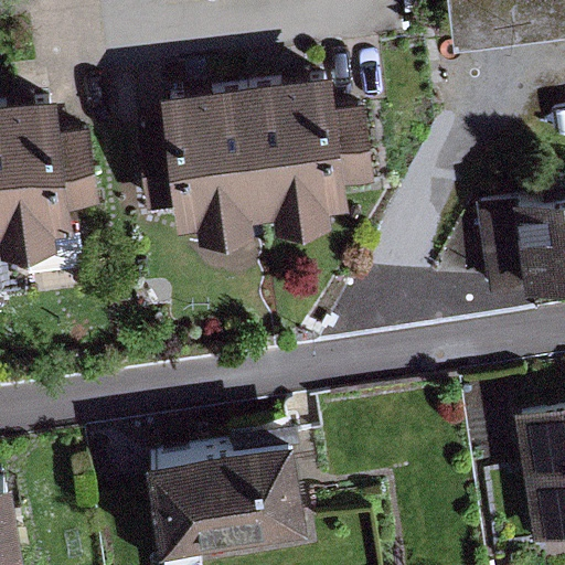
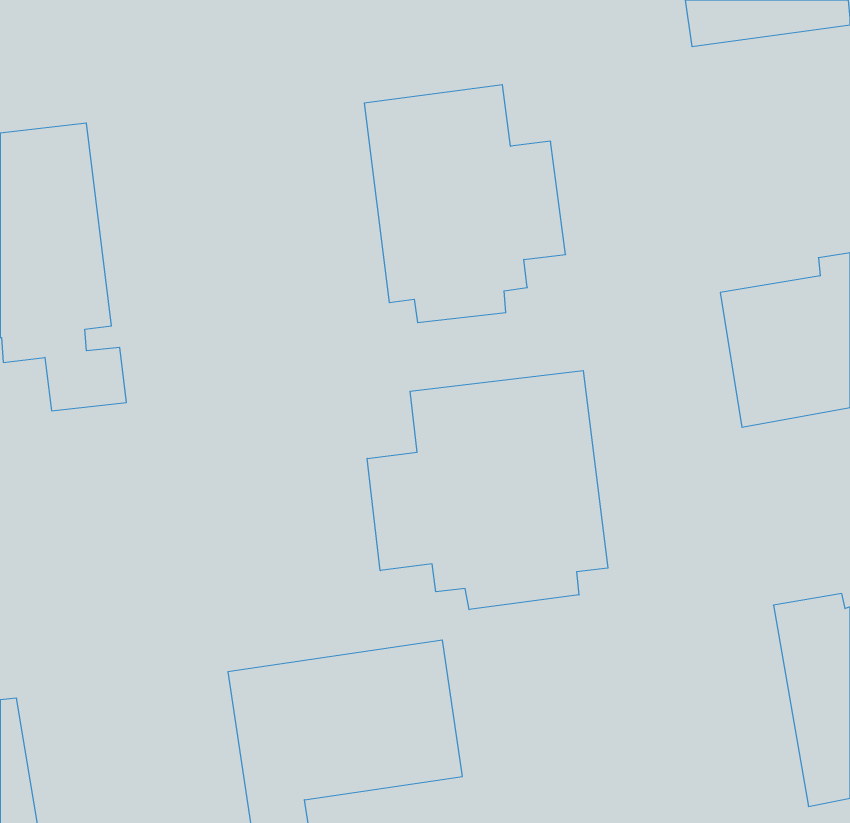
building: [138,86,258,245] -> none
building: none -> [367,371,608,610]

